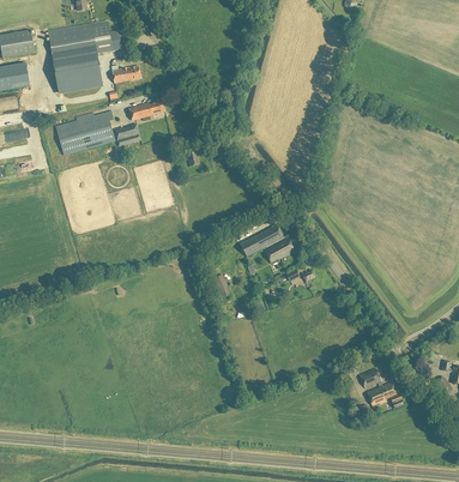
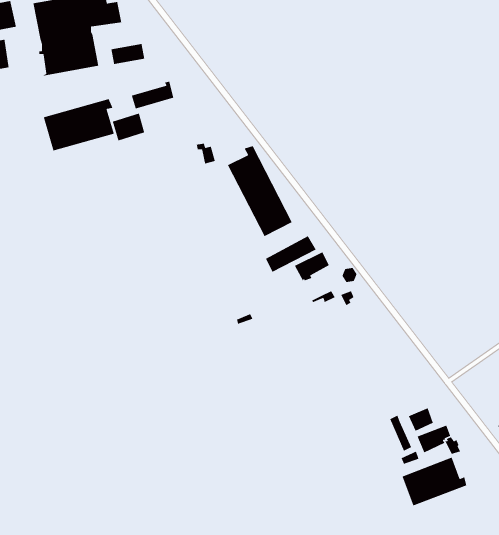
building: none -> [227,145,293,237]
building: none -> [402,457,467,507]

